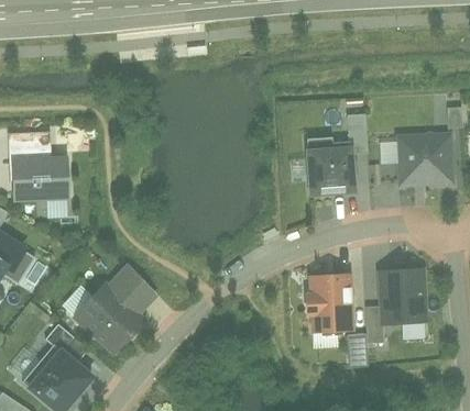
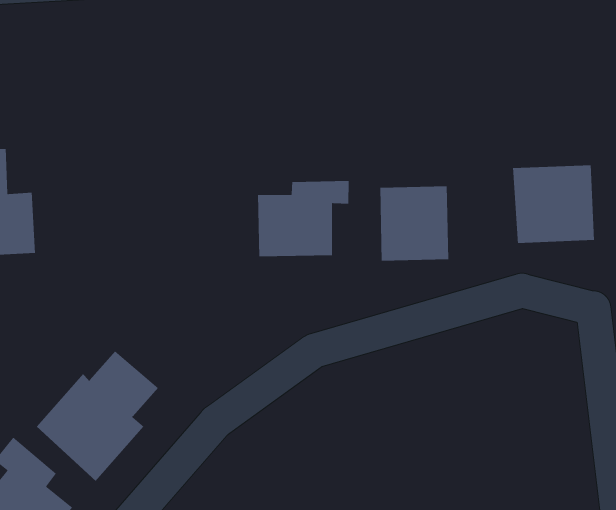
building: none -> [257,180,350,257]
building: [378,275,425,331] -> none
building: [306,281,352,342] -> none

